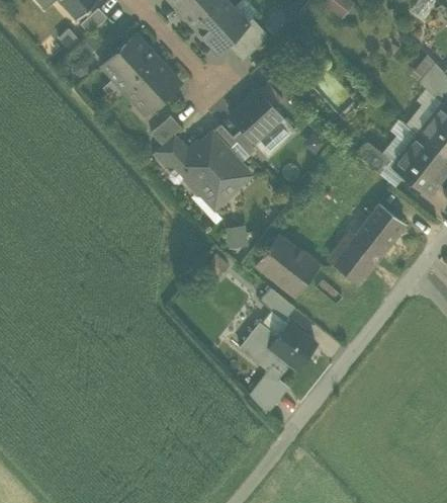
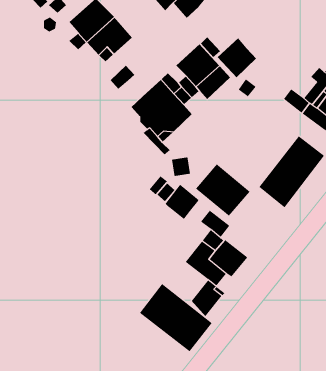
building: none -> [217,38,257,78]
building: [155,135,191,166] -> none
building: none -> [165,184,199,220]
building: none -> [139,283,213,352]

